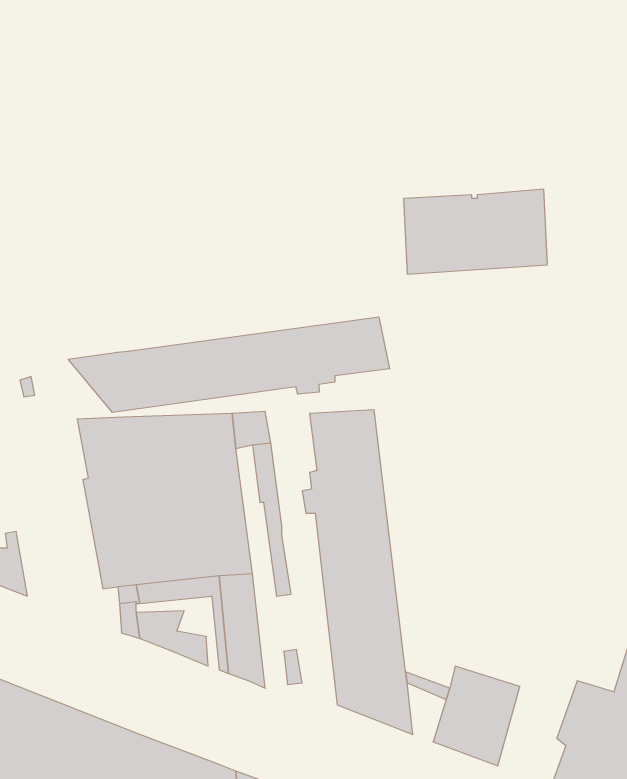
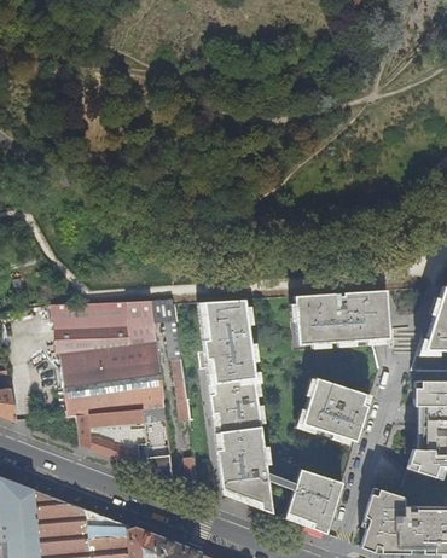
building: [404,189,547,274] -> [295,290,389,345]
building: [68,317,390,412] -> none
building: none -> [298,376,367,441]

